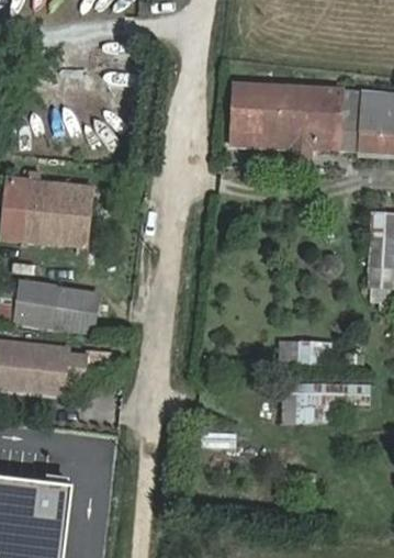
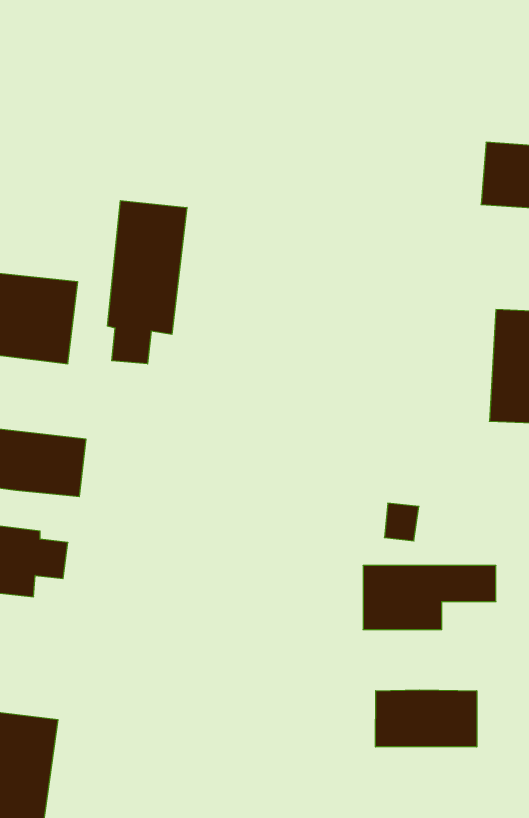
building: [230,85,344,154] -> none
building: none -> [107,201,187,364]
building: none -> [376,690,477,747]

